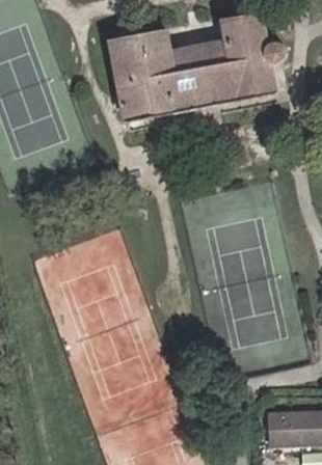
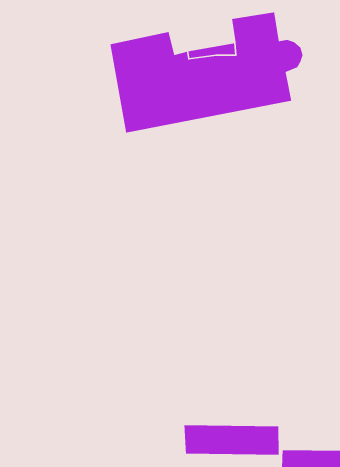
building: none -> [184,424,280,455]

